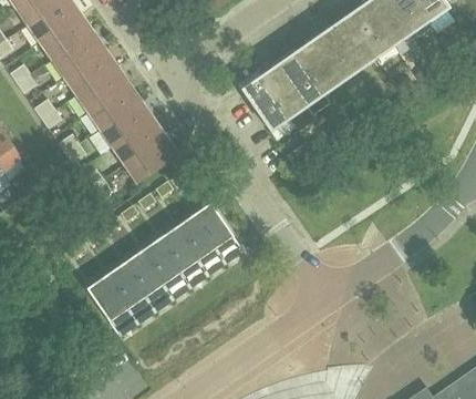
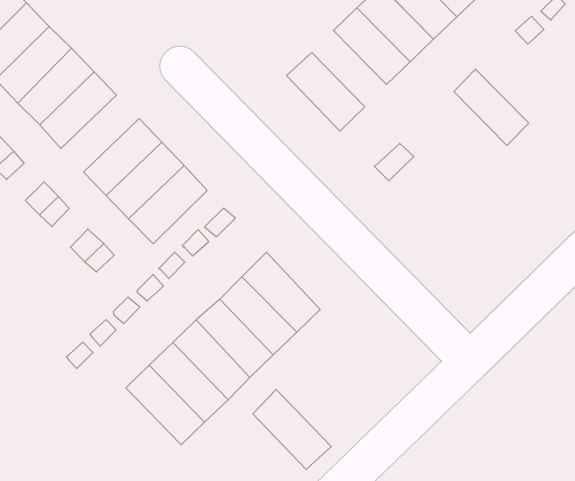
building: [260,65,306,119] -> [454,69,529,145]
building: [86,84,141,131] -> none
building: [85,276,133,331] -> [253,390,331,470]

